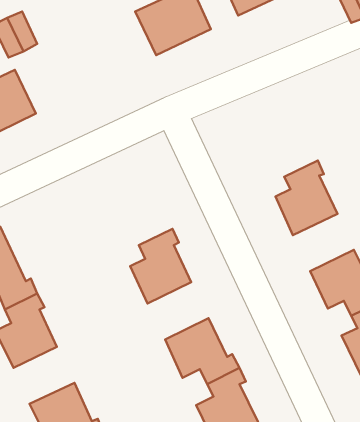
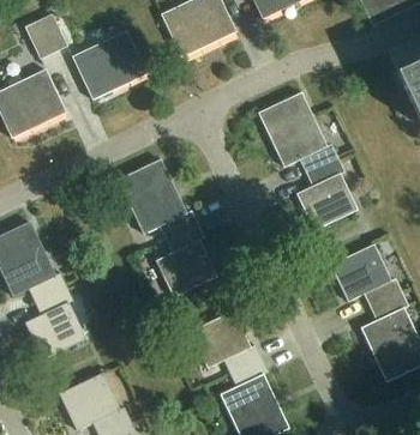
building: none -> [73,32,146,99]
building: none -> [258,92,338,174]
building: none -> [119,159,198,240]

